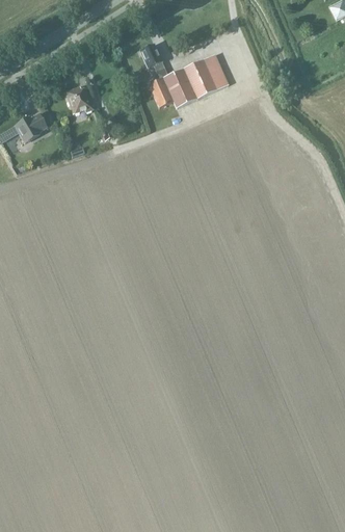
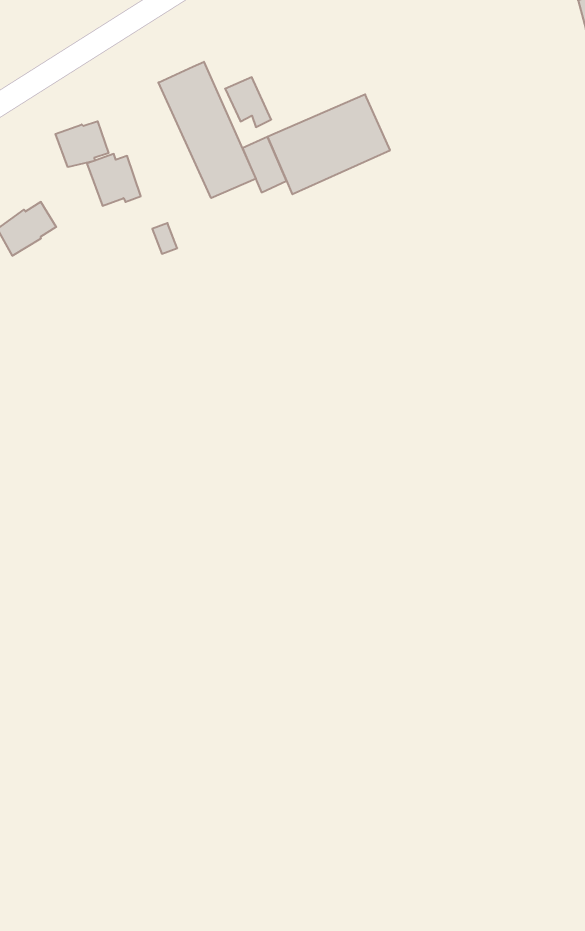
building: none -> [158,62,256,198]
building: none -> [55,121,109,167]

